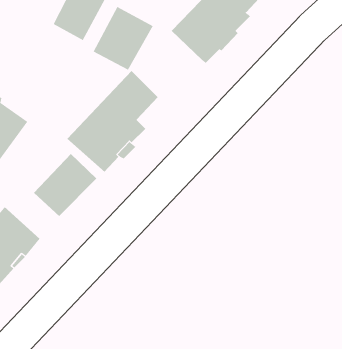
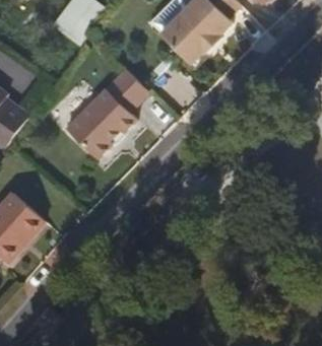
building: [93,6,154,70] -> none
building: [33,153,97,217] -> none

